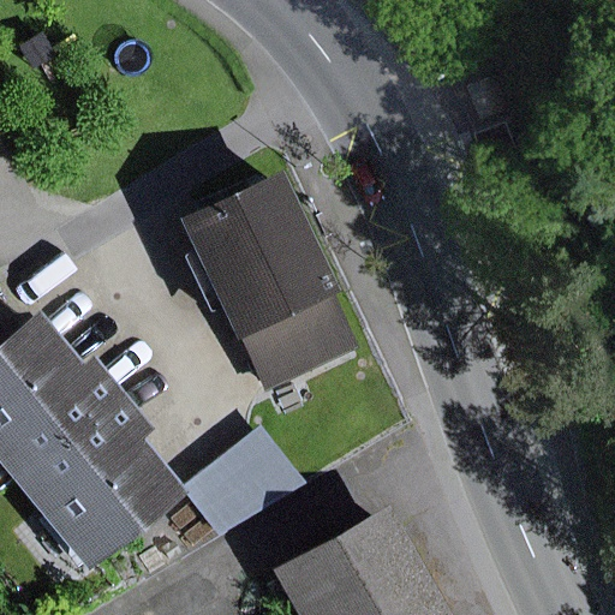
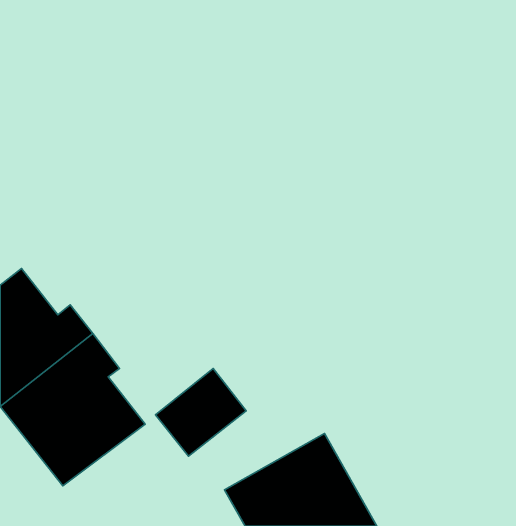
building: [177,172,363,392] -> none

